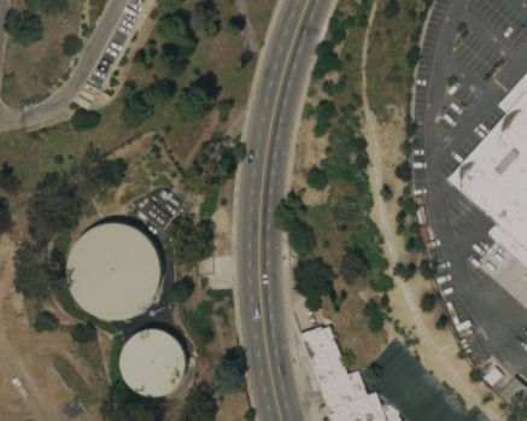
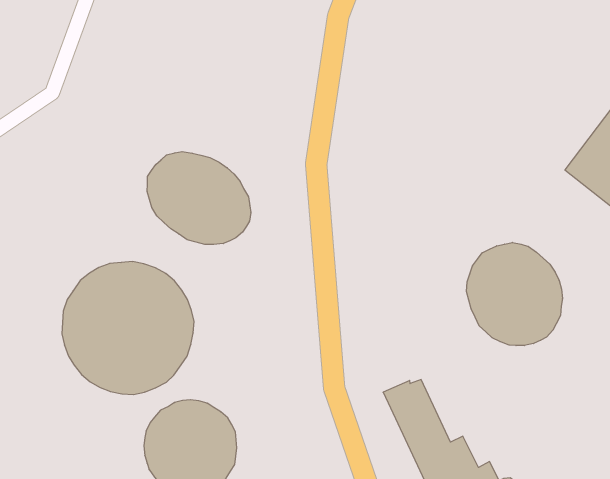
building: none -> [147,152,251,244]
building: none -> [466,242,562,346]

